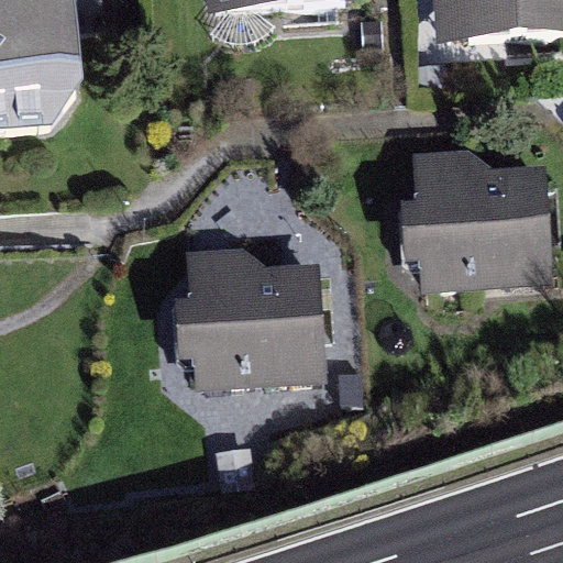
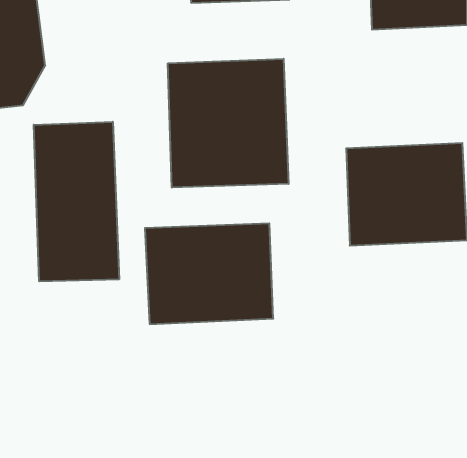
building: none -> [168,59,289,188]
building: none -> [34,122,119,281]

